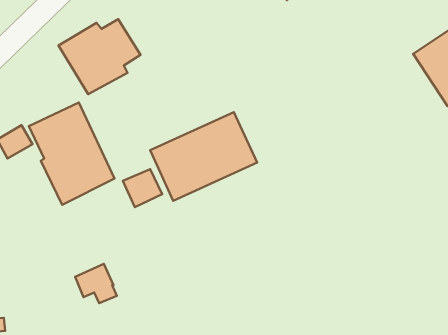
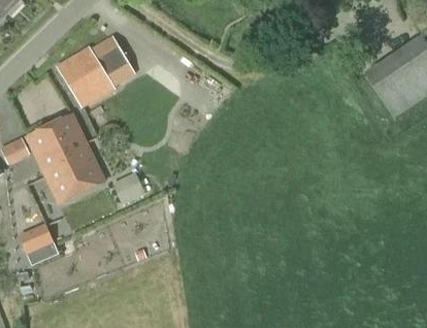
building: [150,112,257,201] -> none
building: [75,264,117,303] -> [20,224,56,258]

